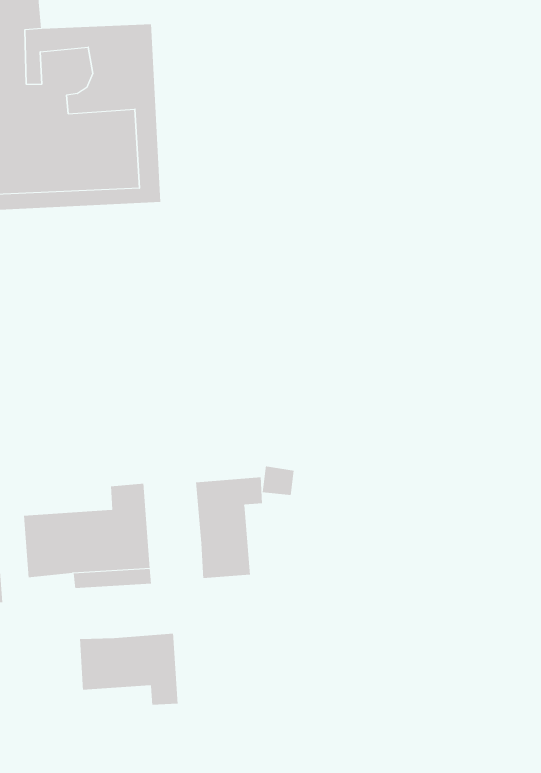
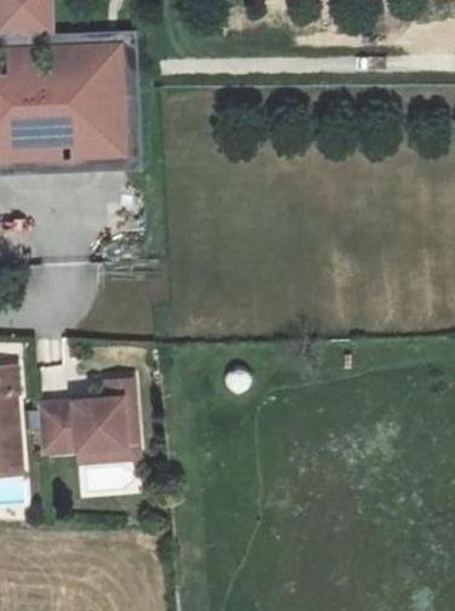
building: [195,477,263,579] -> none
building: [79,633,178,705] -> none

